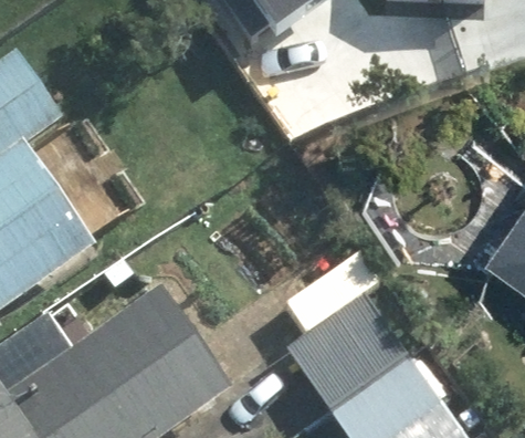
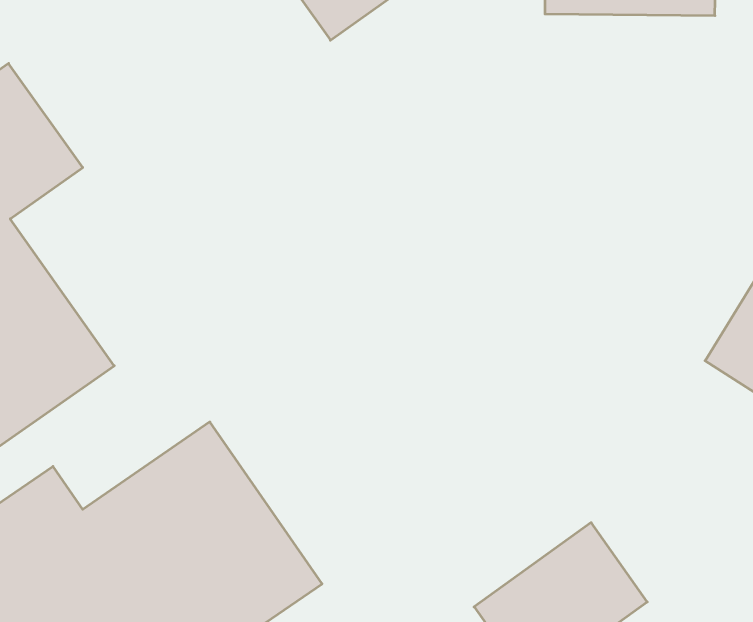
building: [287,290,409,407] -> none

